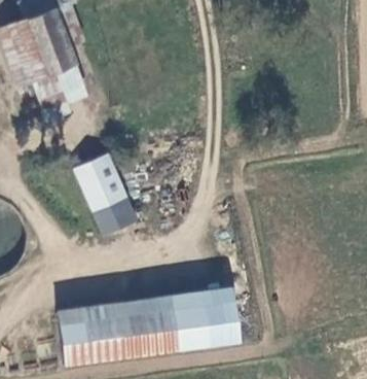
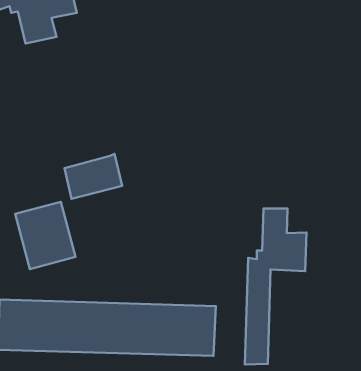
building: [74,150,127,208] -> [15,202,76,269]
building: none -> [245,209,306,365]

